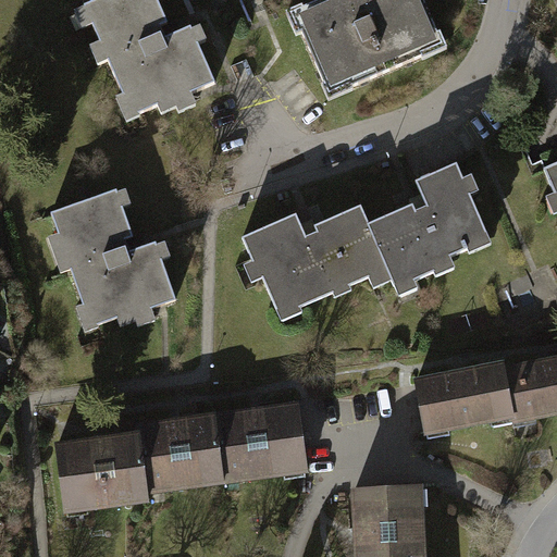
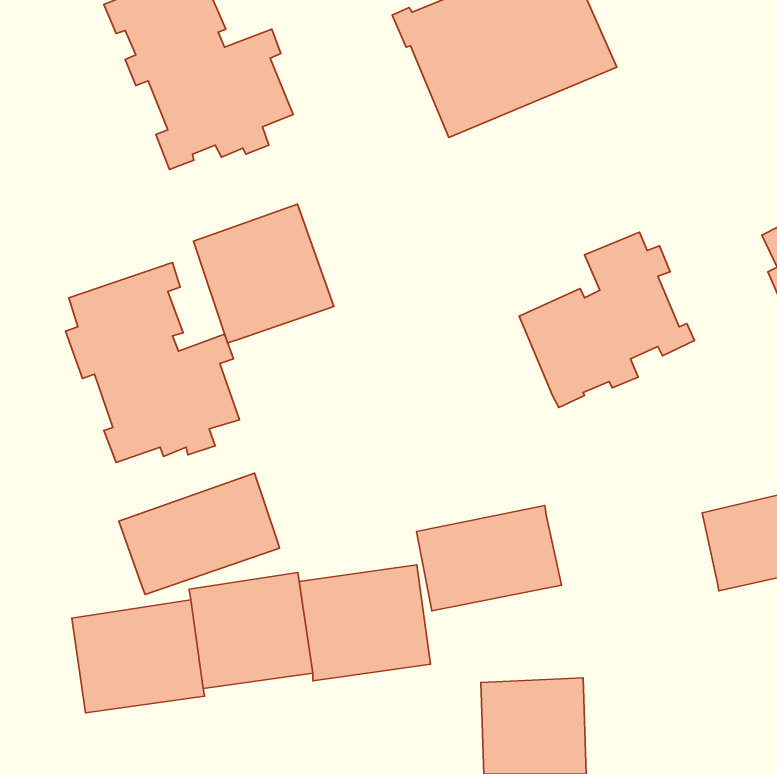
building: none -> [194,204,334,343]
building: [247,208,396,319] -> none
building: none -> [119,473,280,595]
building: [410,359,513,434] -> [416,506,561,611]

